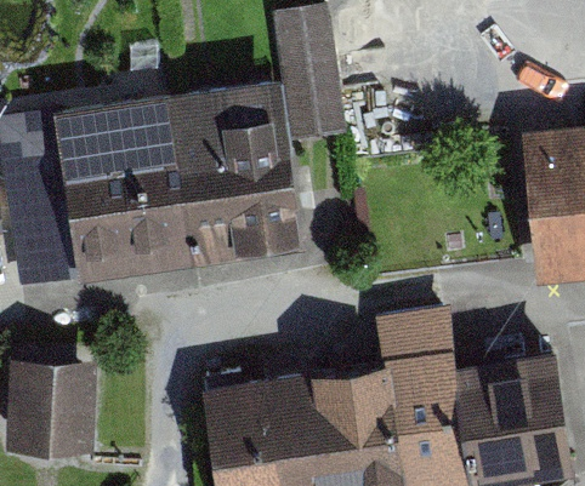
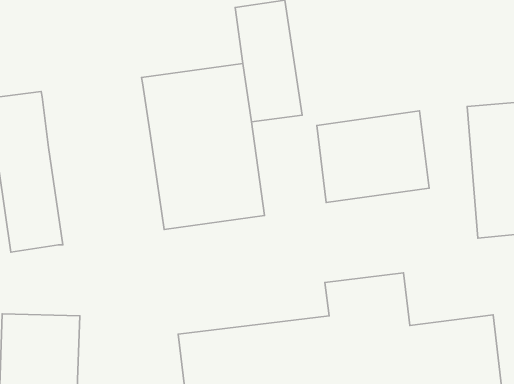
building: [51,92,189,280] -> none
building: none -> [317,111,429,202]

